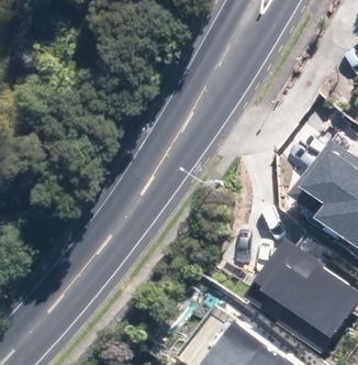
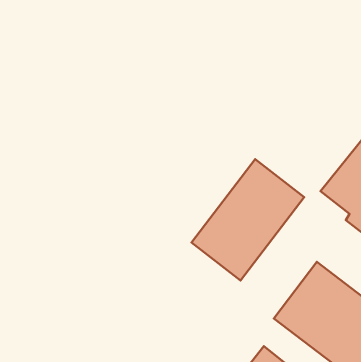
building: none -> [191,159,304,280]

